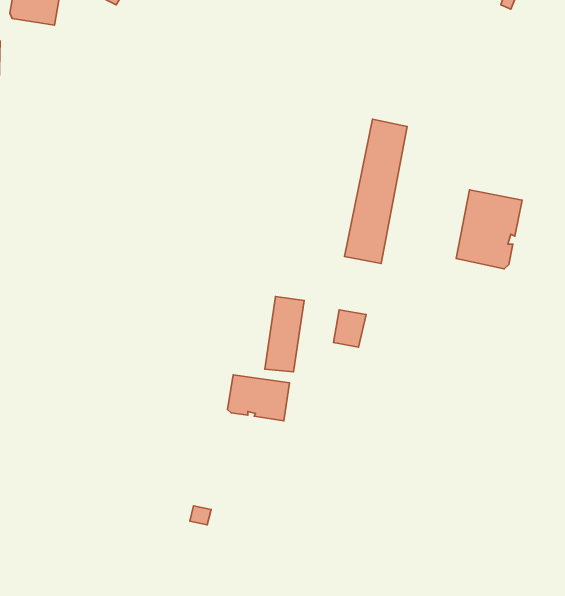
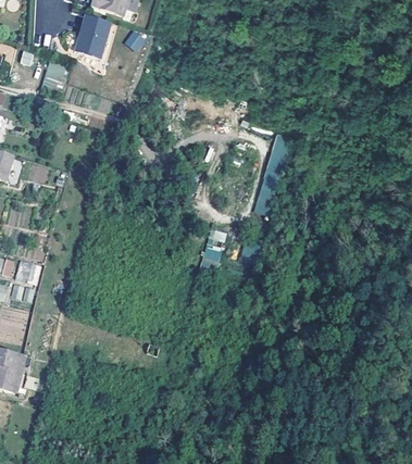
building: [456,190,522,269] -> none
building: [228,375,289,421] -> none

